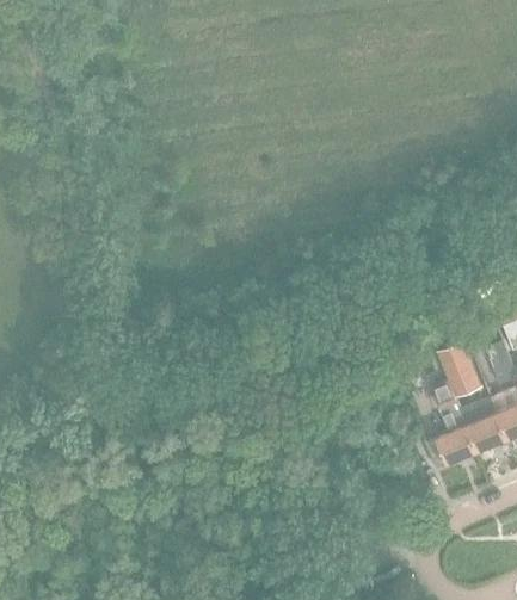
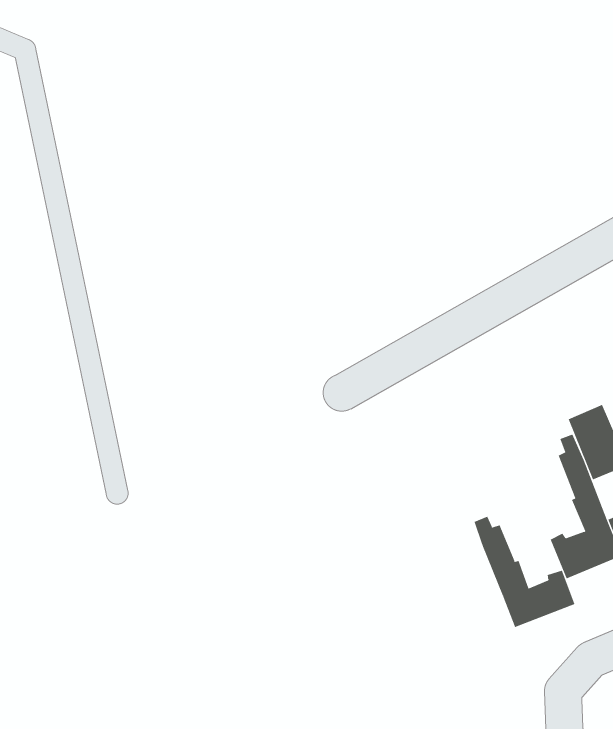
building: none -> [474,516,575,628]

